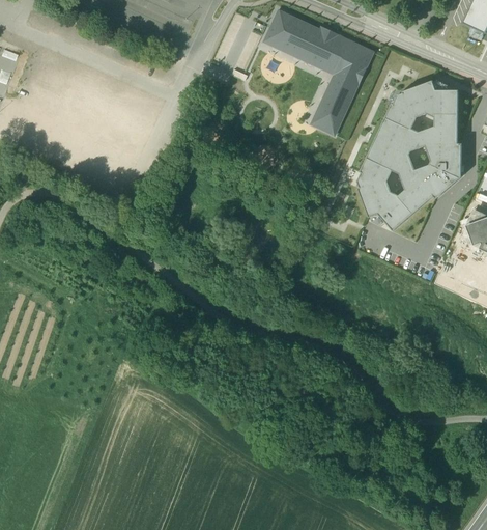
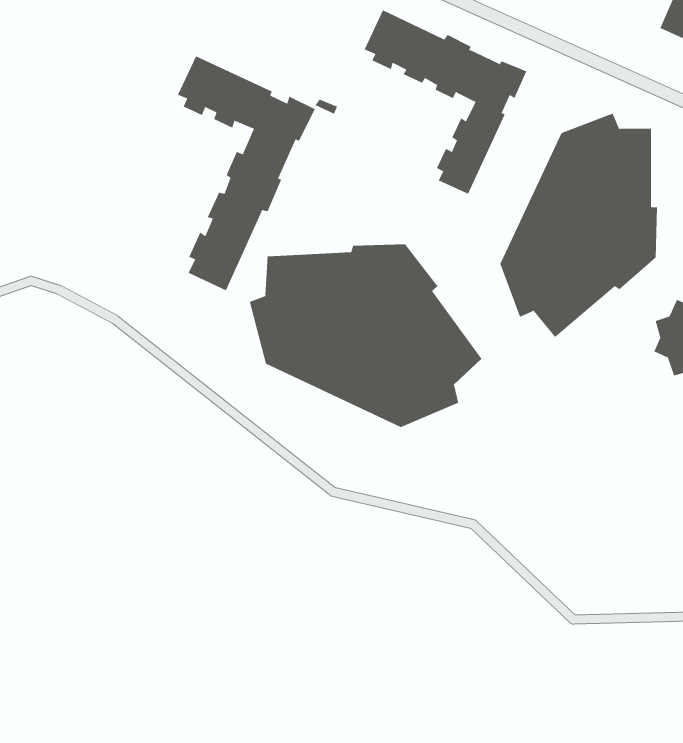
building: none -> [177,56,315,291]
building: none -> [249,244,482,428]

